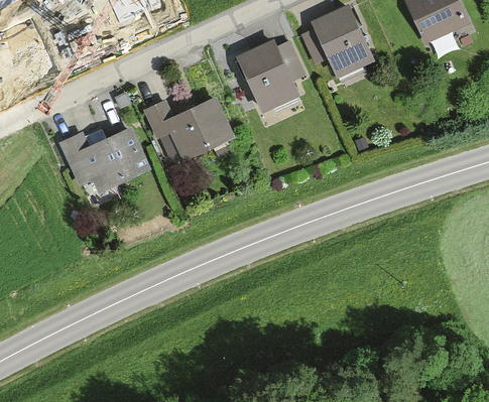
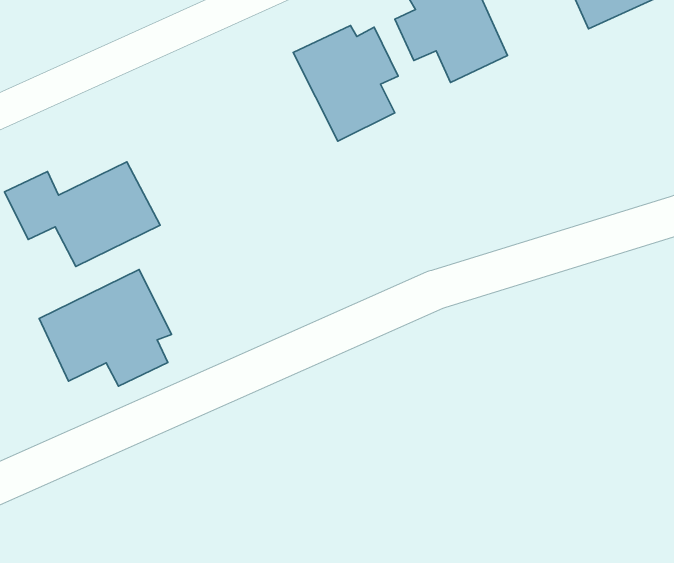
building: [145,99,233,160] -> none
building: none -> [39,269,171,386]

